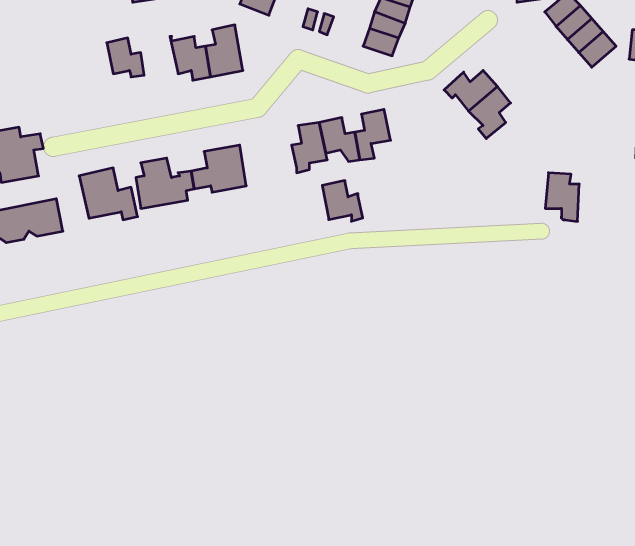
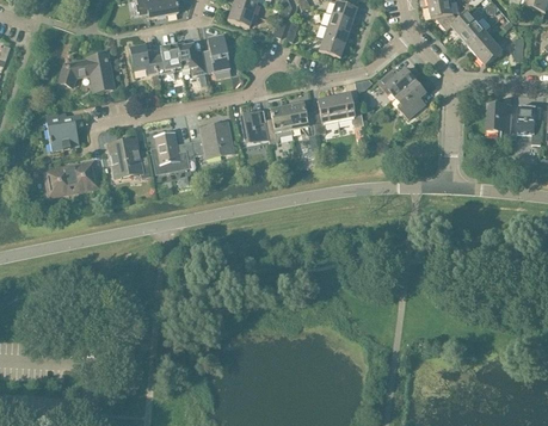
building: none -> [154,43,181,74]
building: none -> [59,54,112,92]
building: none -> [333,93,363,126]
building: [545,173,579,221] -> [486,104,511,140]
building: [322,181,363,221] -> [239,112,269,142]

